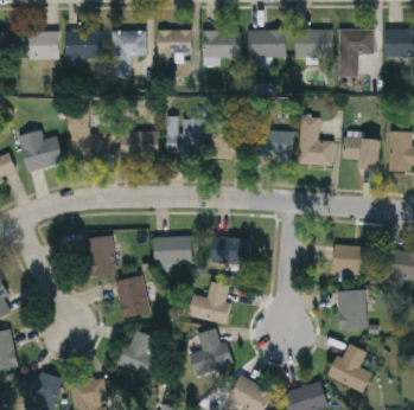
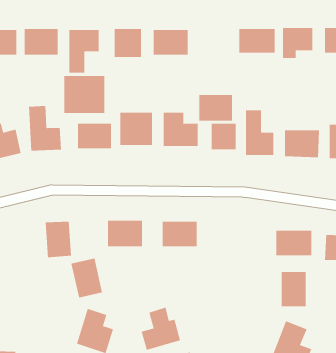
building: [248,31,285,59] -> [198,95,233,121]
building: none -> [64,75,105,114]
building: [189,281,229,321] -> none

